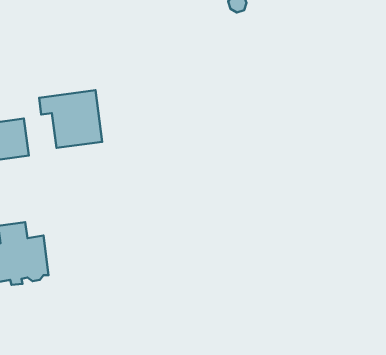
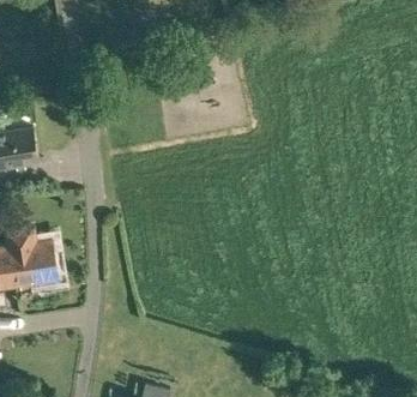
building: [39,90,102,148] -> none

